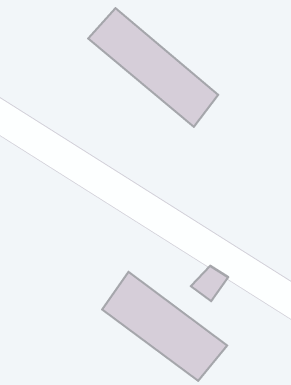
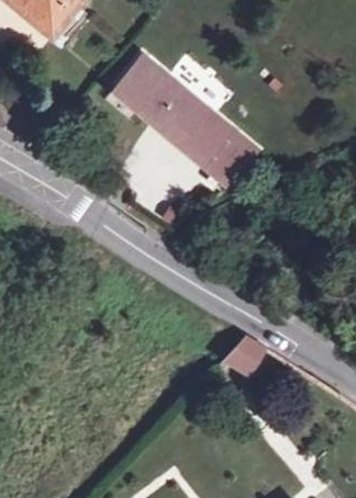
building: [102,272,227,381] -> none

